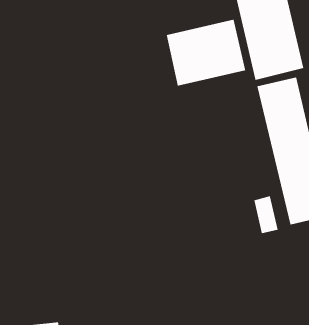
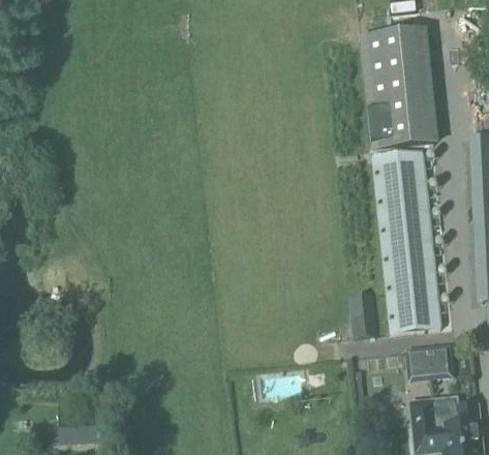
building: [166,19,246,87] -> none

